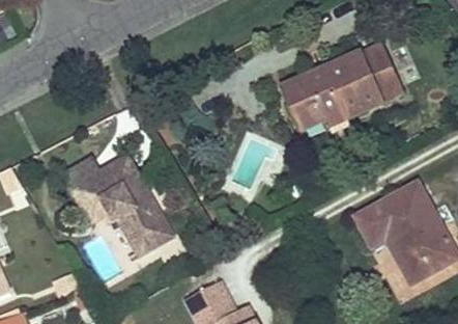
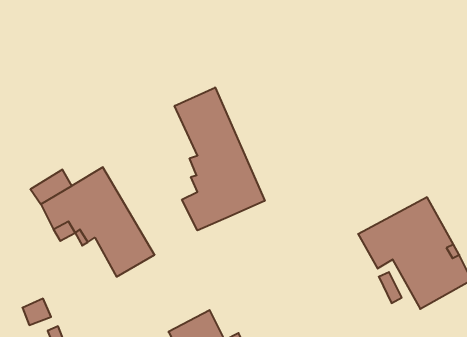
building: [281,42,401,132] -> none
building: none -> [175,87,265,230]

